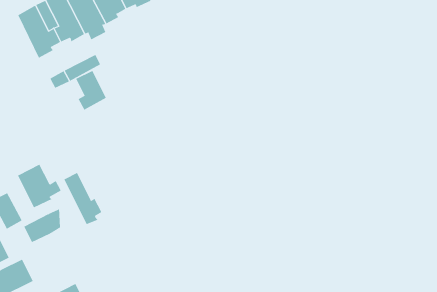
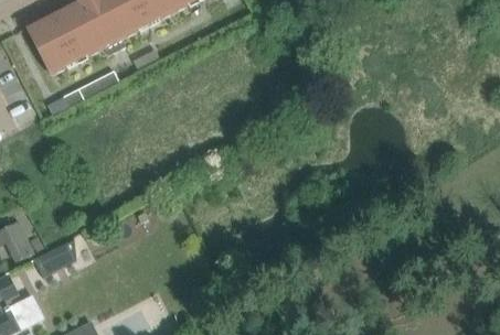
building: [75,70,107,110] -> none
building: [17,164,61,208] -> none
building: [64,172,102,225] -> none

